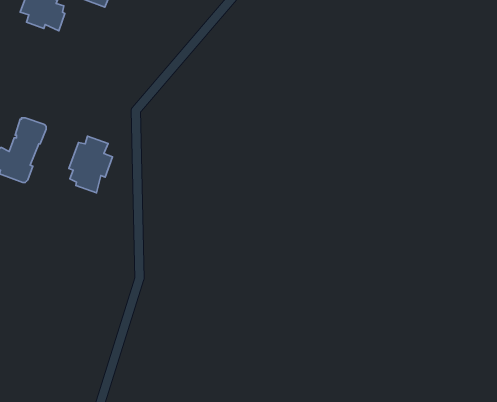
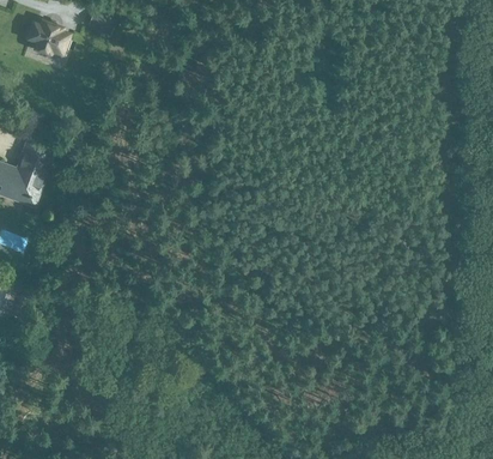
building: [69,136,113,193] -> none

